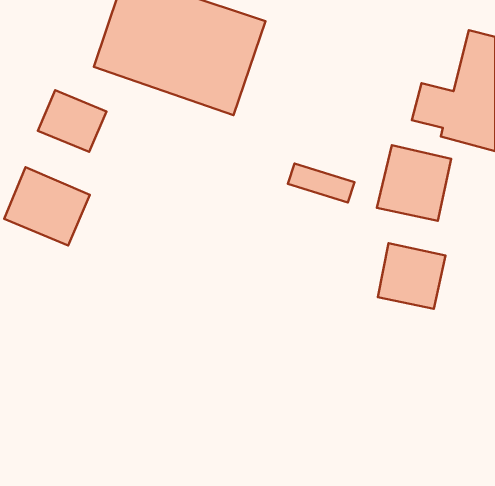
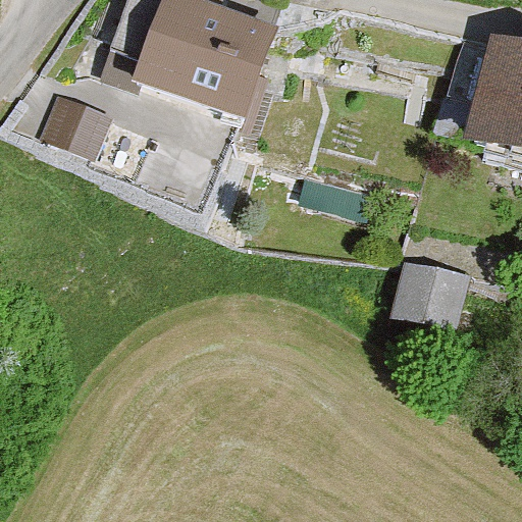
building: [377,145,451,221] -> none
building: [4,167,90,245] -> none

